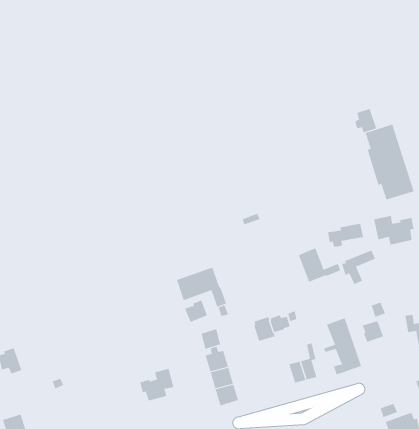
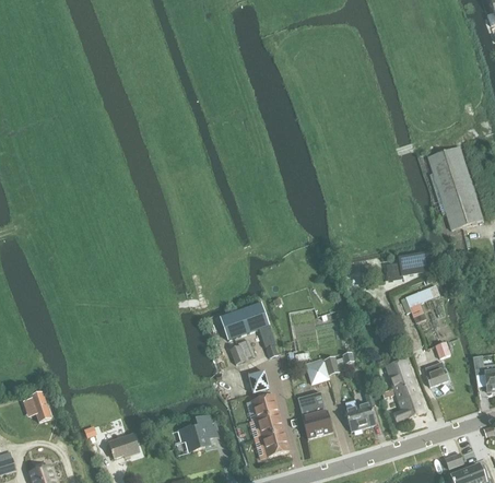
building: [355,108,377,133] -> none
building: [374,215,414,245] -> none
building: [298,248,341,283] -> none
building: none -> [297,390,332,437]
building: none -> [108,433,139,457]

